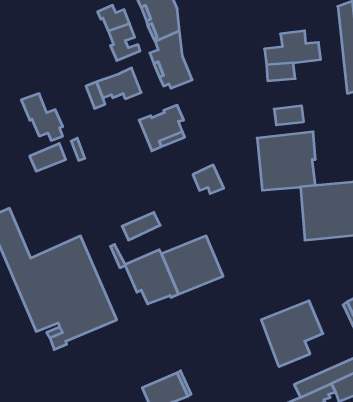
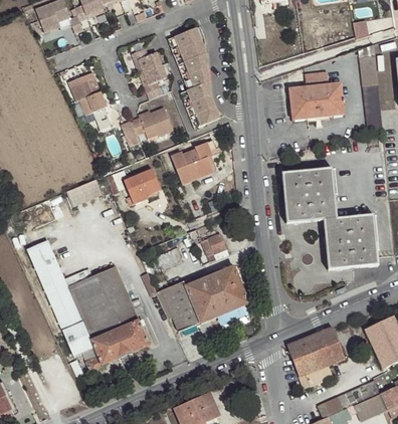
building: [21,94,63,140] -> [68,75,108,120]
building: [274,106,304,125] -> [317,98,345,117]
building: none -> [124,168,161,205]
building: [193,165,224,194] -> [200,232,229,259]

